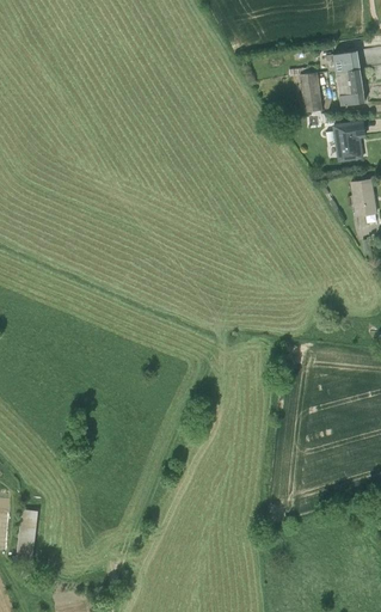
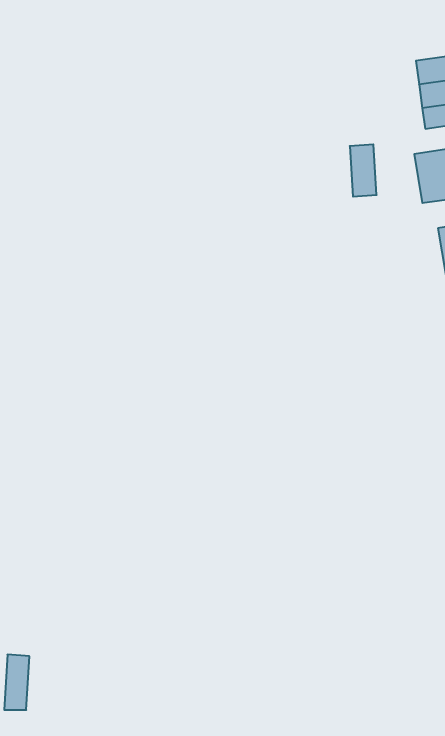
building: [301,69,321,109] -> [350,144,377,197]

